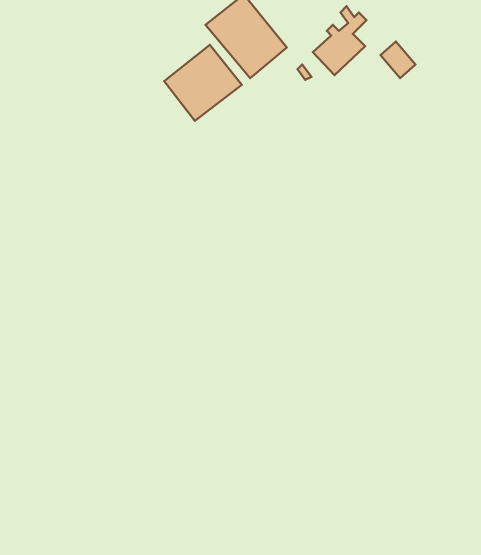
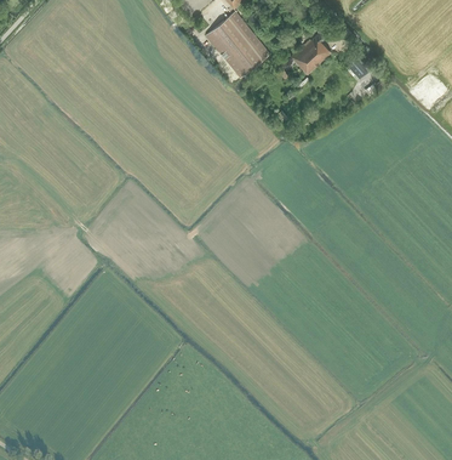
building: [164,45,242,121] -> none

